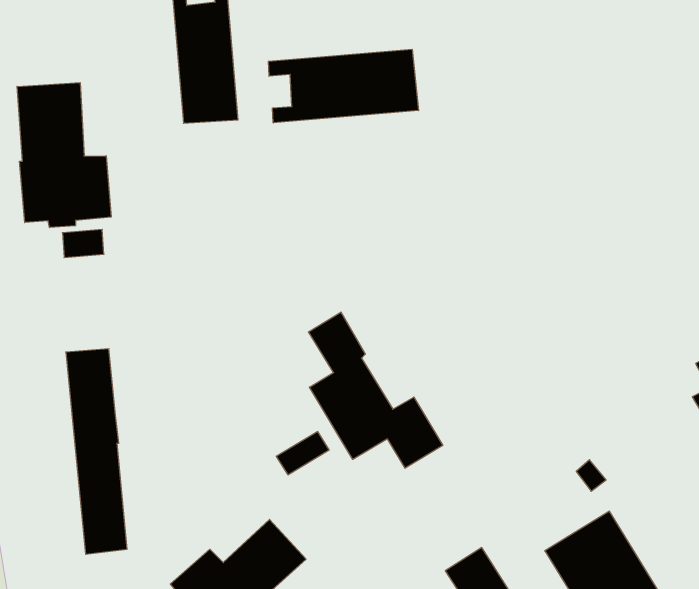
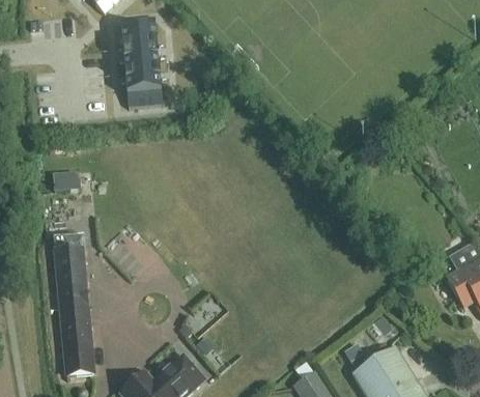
building: [268,49,419,123] -> none
building: [17,83,111,228] -> none
building: [308,312,443,468] -> none

